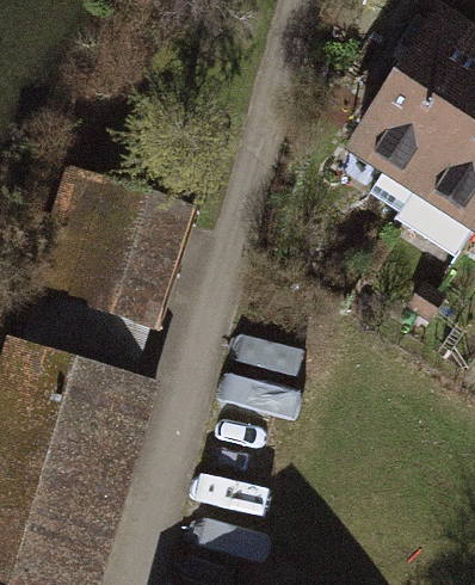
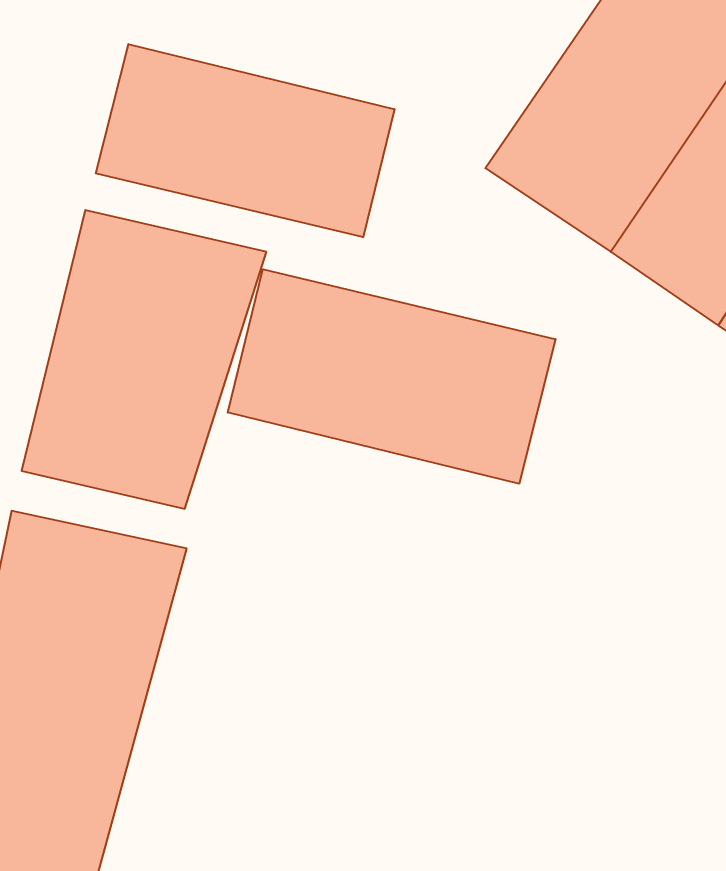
building: none -> [96,44,394,237]
building: none -> [228,269,556,484]

